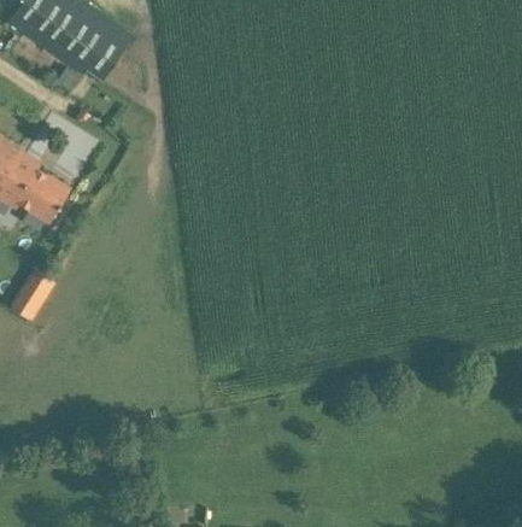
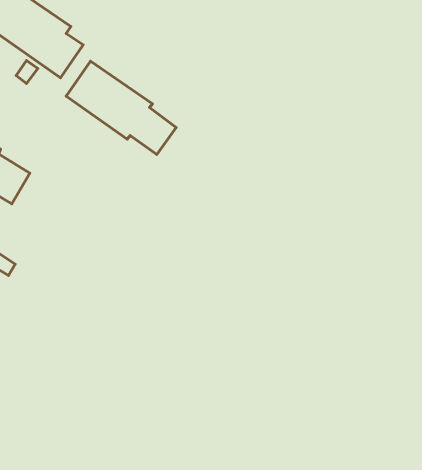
building: none -> [66,61,176,155]

